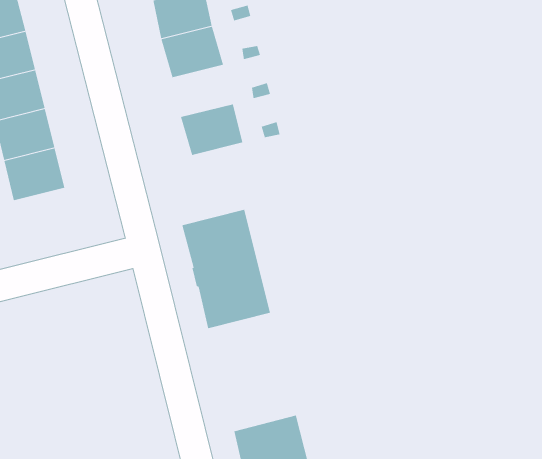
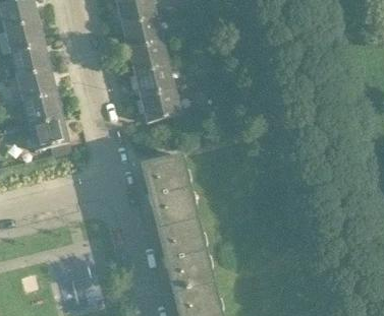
building: none -> [135,63,174,96]
building: none -> [158,218,214,293]

